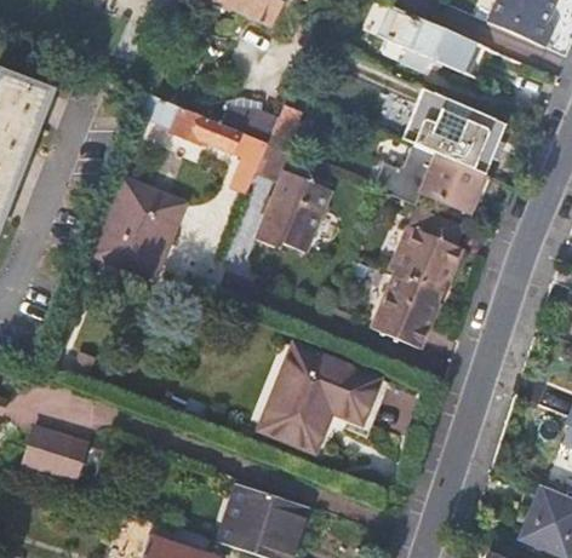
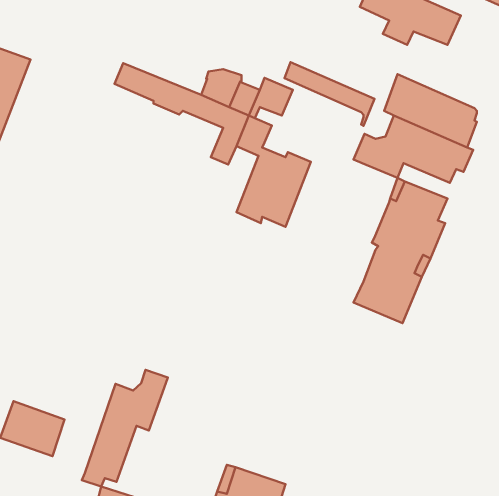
building: [417,87,507,150] -> [284,62,375,126]
building: [95,178,185,277] -> none
building: [259,346,378,450] -> none
building: none -> [82,370,168,487]

